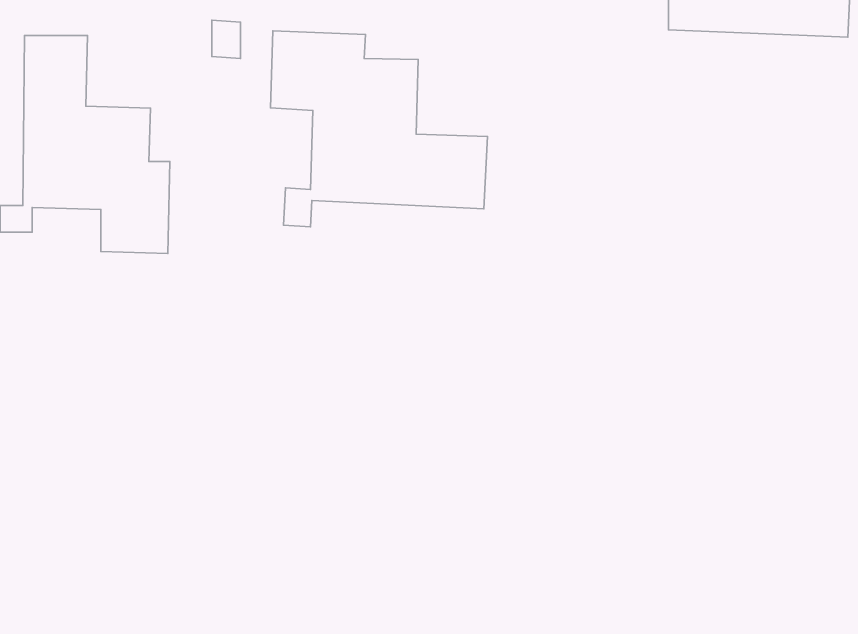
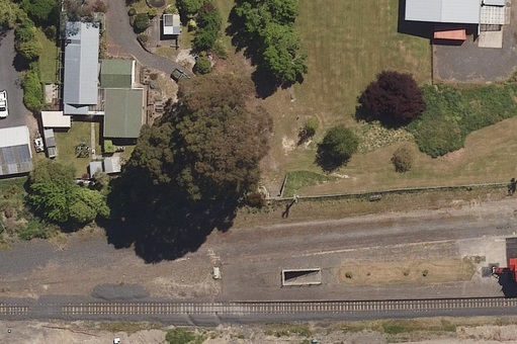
building: [271,31,488,227] -> none

